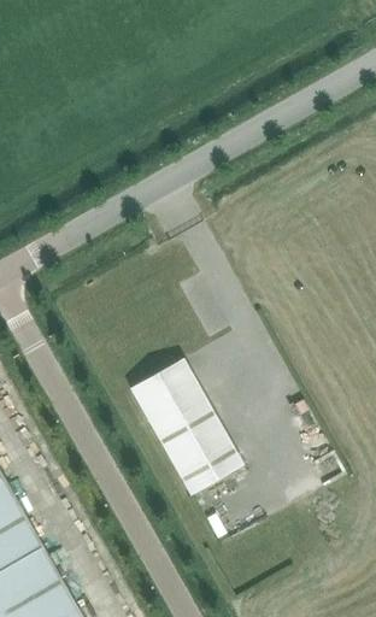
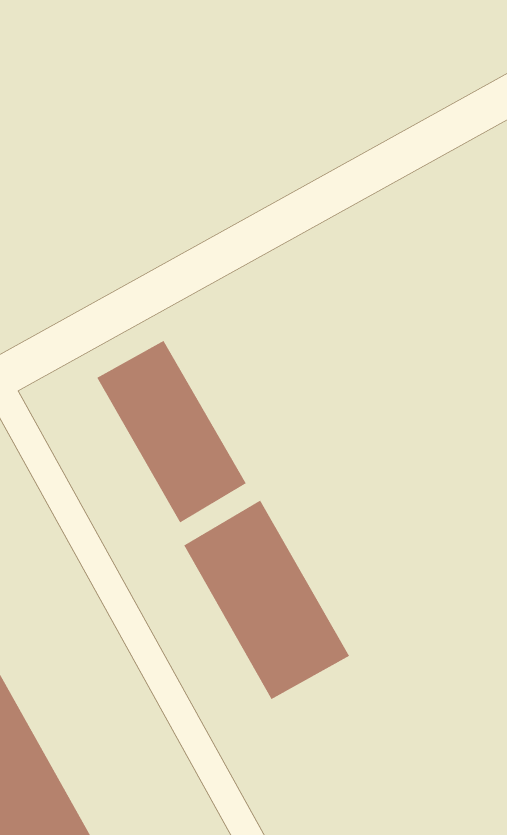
building: none -> [96,340,247,523]

